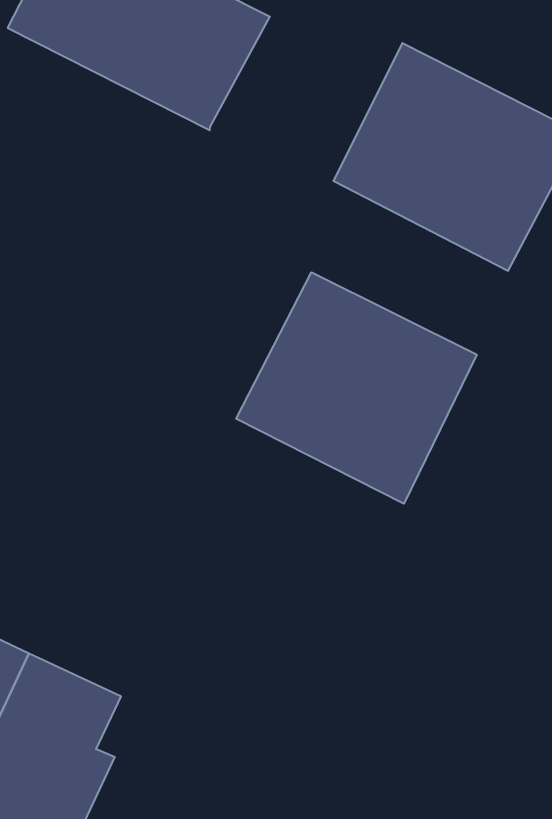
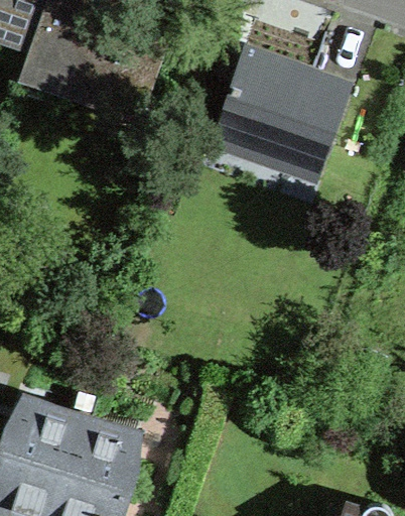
building: [236,272,477,504] -> none

